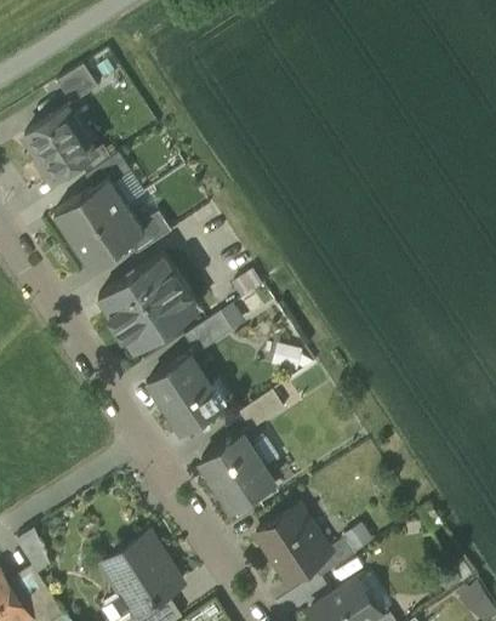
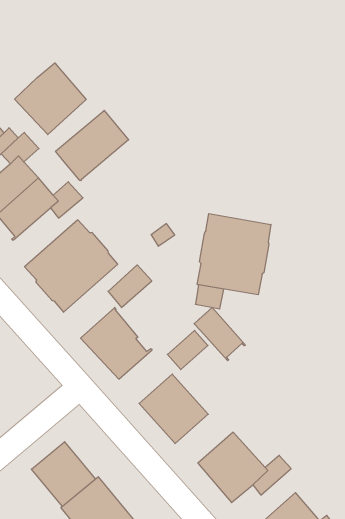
building: none -> [15,63,86,135]
building: none -> [56,110,129,181]
building: none -> [197,214,271,295]
building: none -> [194,307,245,361]
building: none -> [31,442,95,506]

